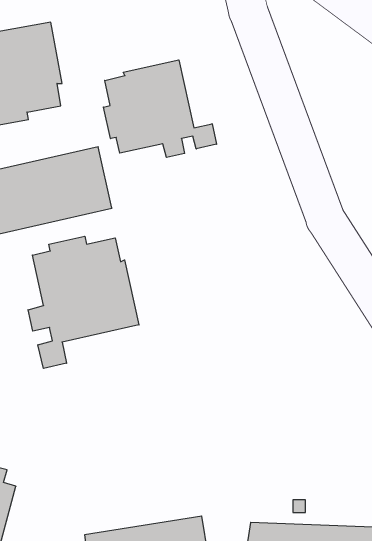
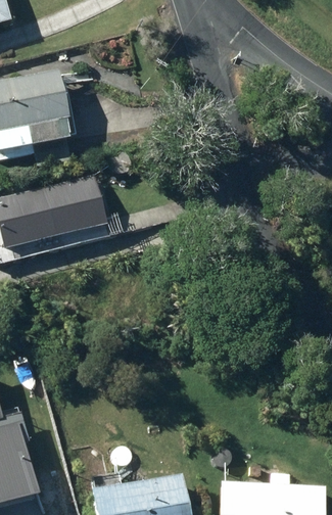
building: [103,60,217,157] -> none
building: [28,236,139,368] -> none

